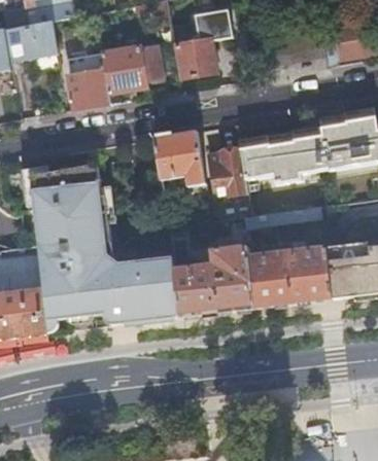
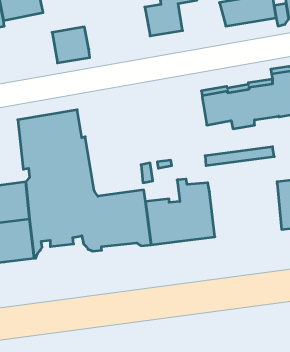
building: [102,42,165,94] -> none
building: [154,129,206,201] -> none
building: [208,145,247,196] -> none
building: [248,240,331,308] -> none

